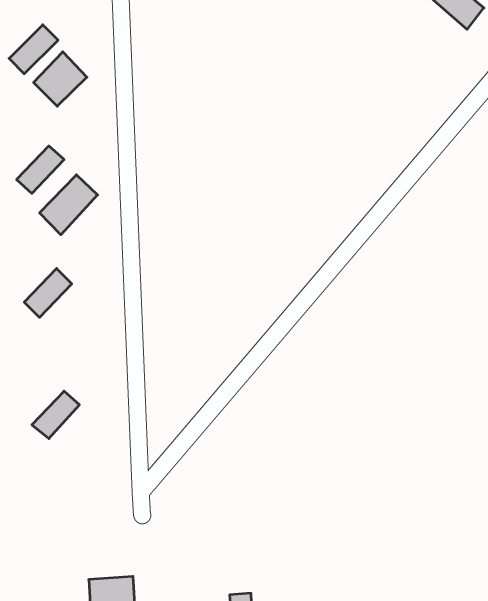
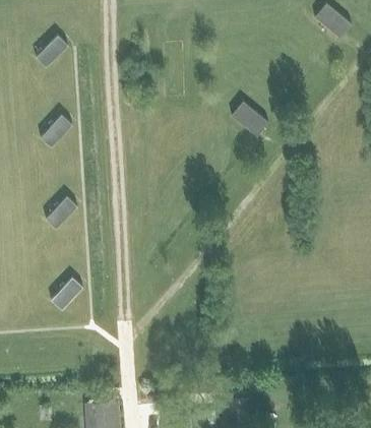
building: [34,52,87,106] -> none
building: none -> [231,101,266,136]
building: [40,175,98,235] -> none

